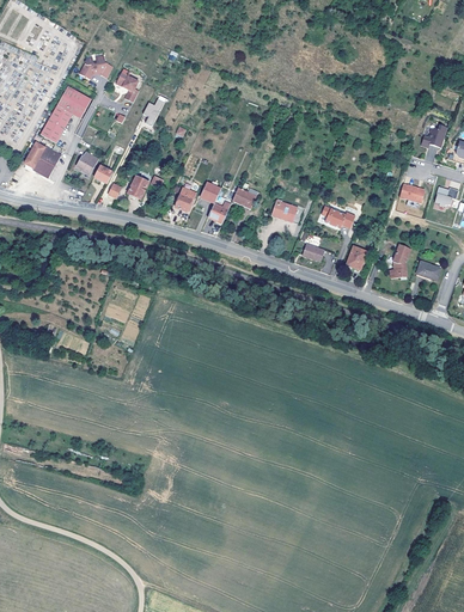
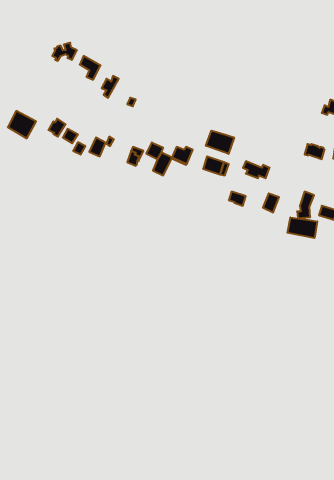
building: [39,85,91,143] -> none
building: none -> [206,131,234,154]
building: none -> [287,217,317,238]

